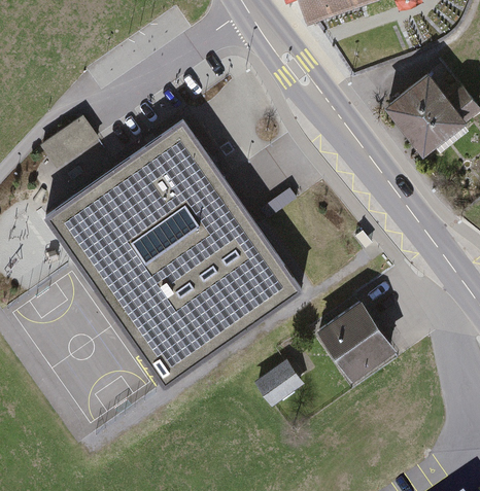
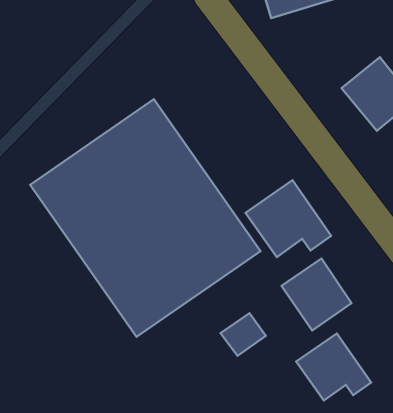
building: none -> [245,180,331,257]
building: none -> [296,333,371,401]

